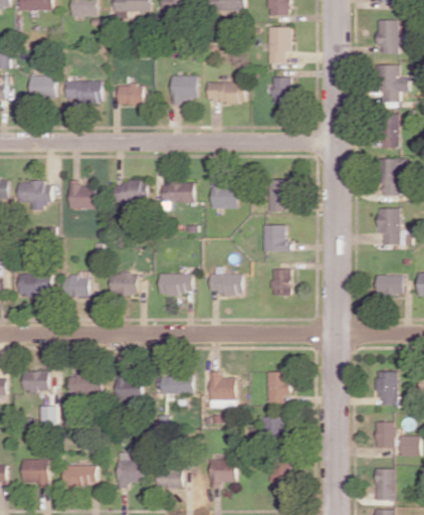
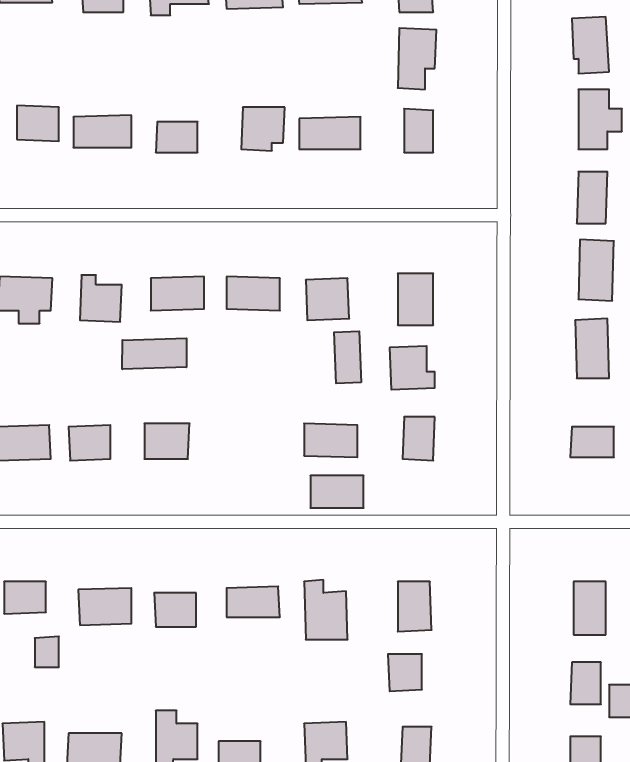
building: none -> [334,331,361,383]
building: none -> [122,338,187,369]
building: [159,274,192,294] -> [310,476,364,508]

